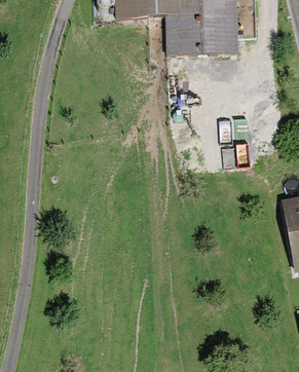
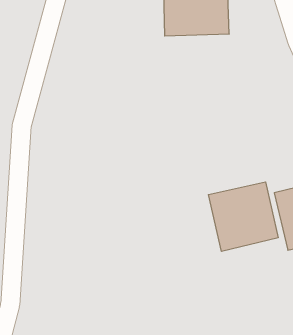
building: none -> [208,182,278,251]

